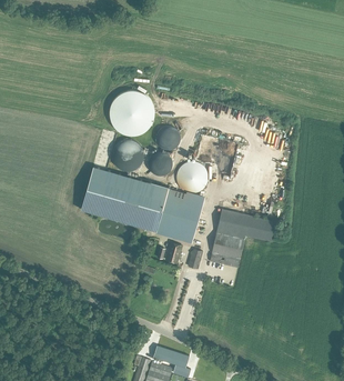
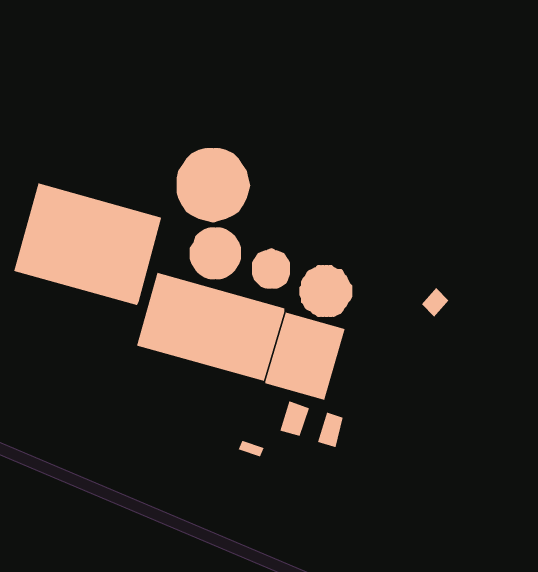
building: none -> [14,182,162,306]
building: [156,126,180,149] -> none
building: [210,208,277,267] -> none

